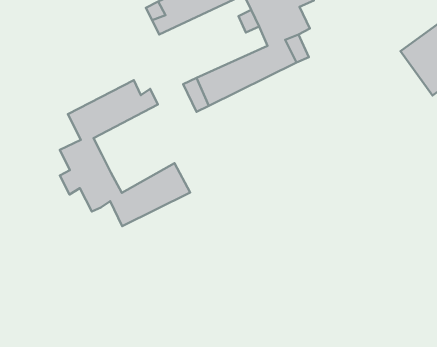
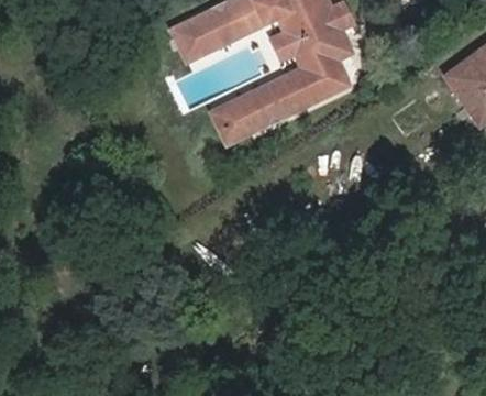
building: [60,80,190,226] -> none

